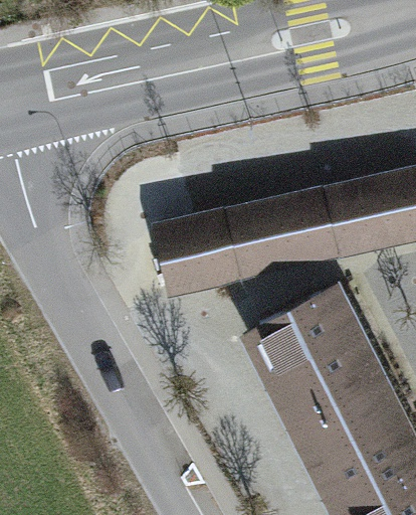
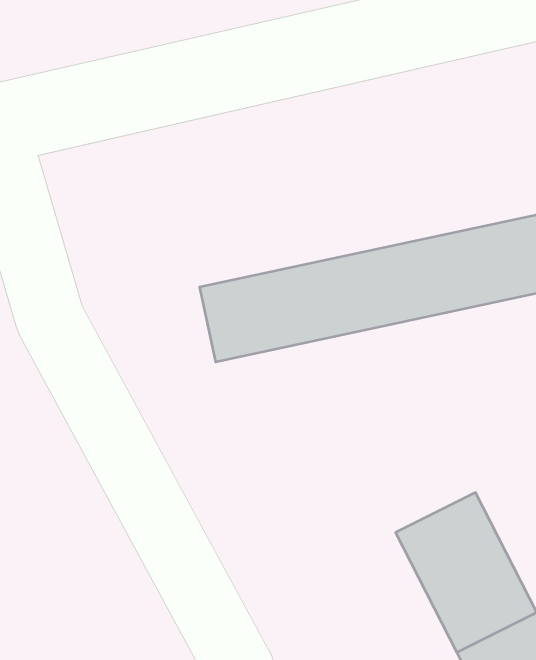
building: [260,290,366,410] -> none

